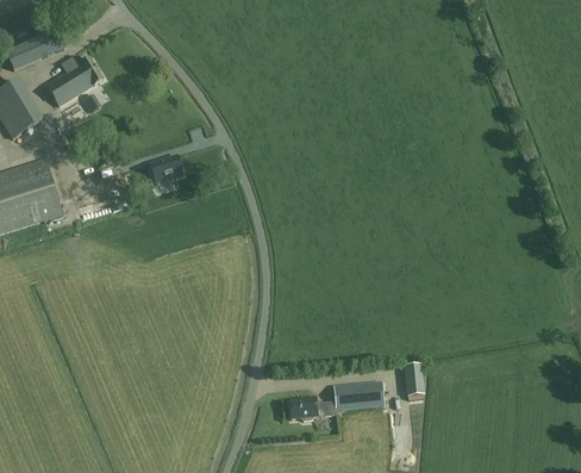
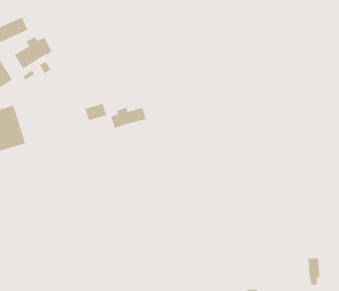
building: none -> [111,107,146,129]
building: [404,365,423,405] -> [307,258,320,285]
building: [288,380,383,421] -> none

